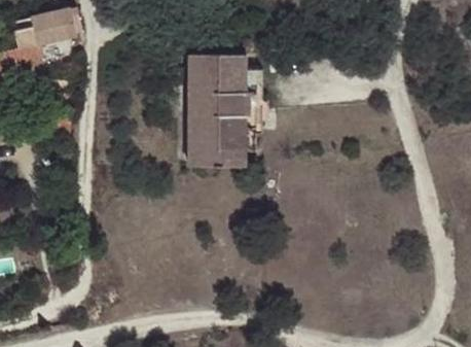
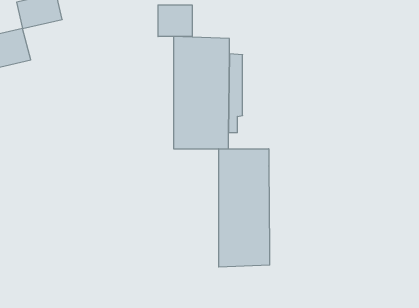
building: none -> [158,5,192,37]
building: none -> [219,149,270,267]

